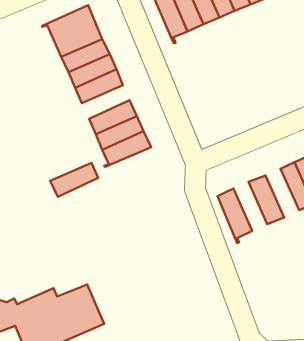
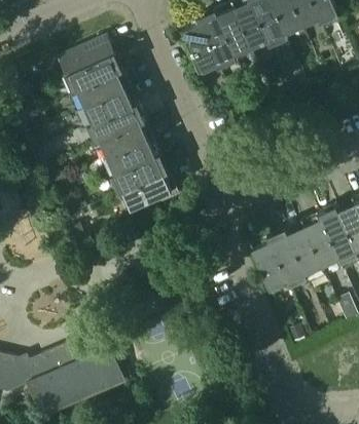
building: [50,163,98,197] -> [99,125,151,162]
building: none -> [300,217,337,270]
building: none -> [265,231,302,284]

